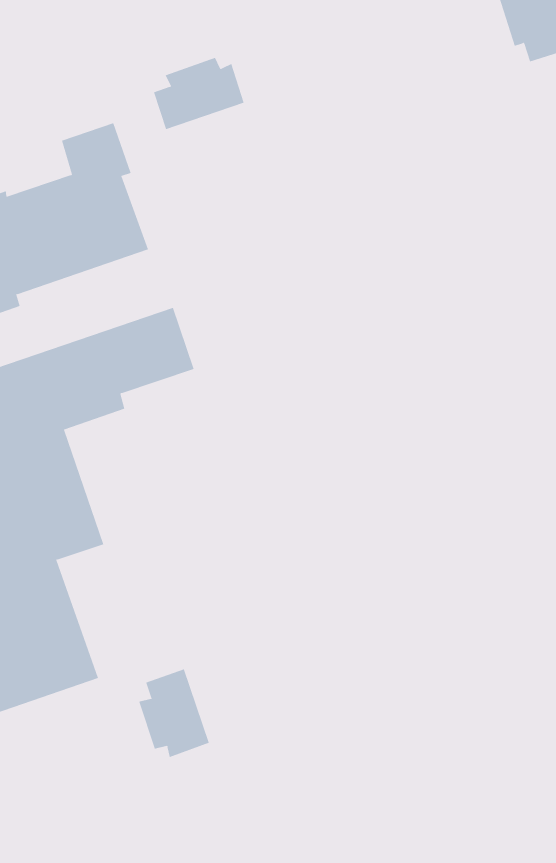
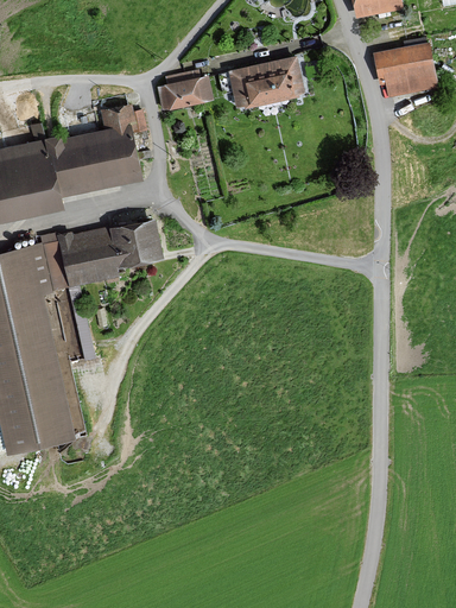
building: none -> [229,56,304,108]
building: [139,668,210,758] -> none

